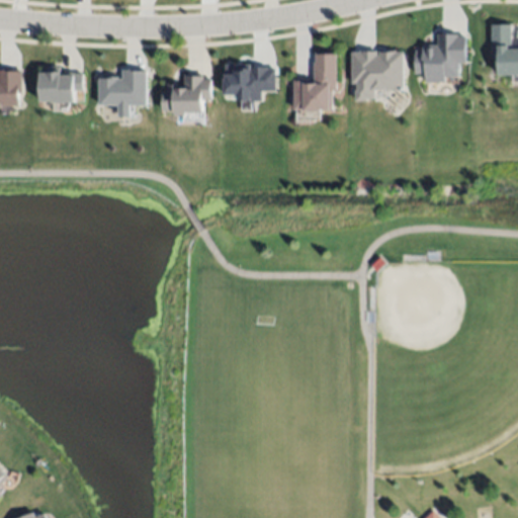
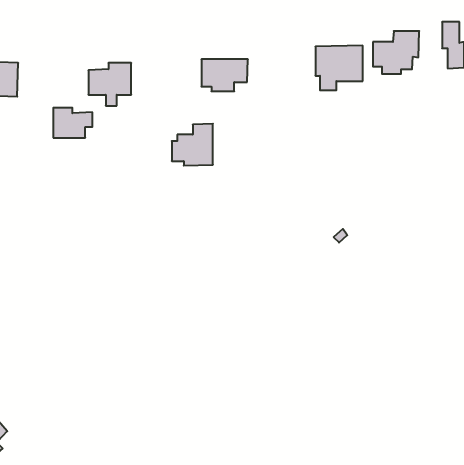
building: [292,56,336,118] -> none
building: [38,69,82,102] -> [53,108,92,138]
building: [161,71,206,117] -> [172,124,213,166]

